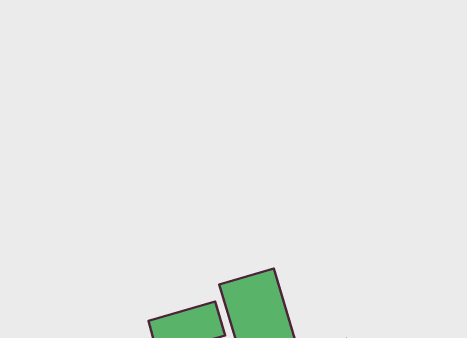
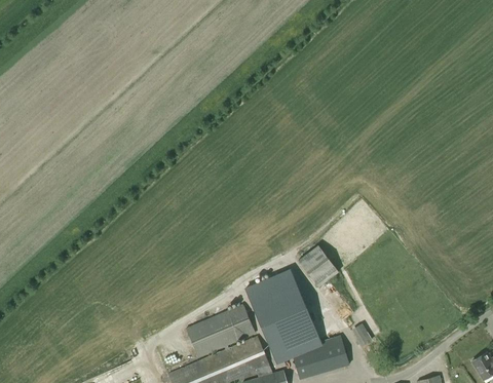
building: none -> [298,245,338,288]

